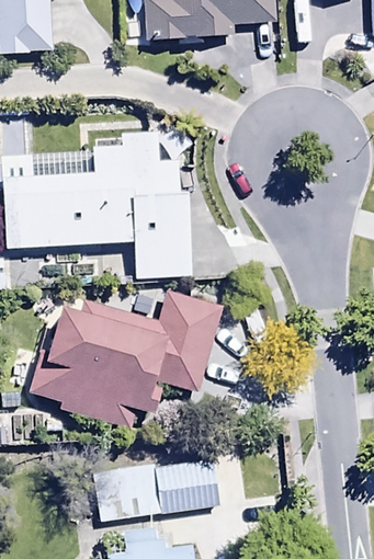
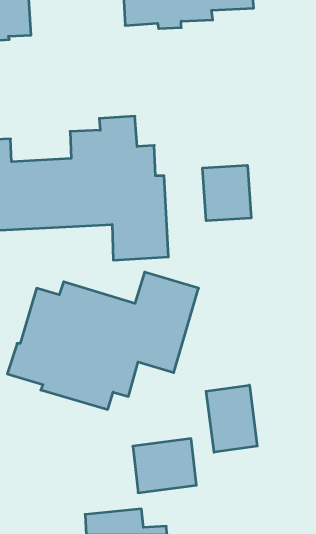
building: none -> [203,165,251,221]
building: none -> [206,385,257,452]
building: [93,461,159,520] -> none

